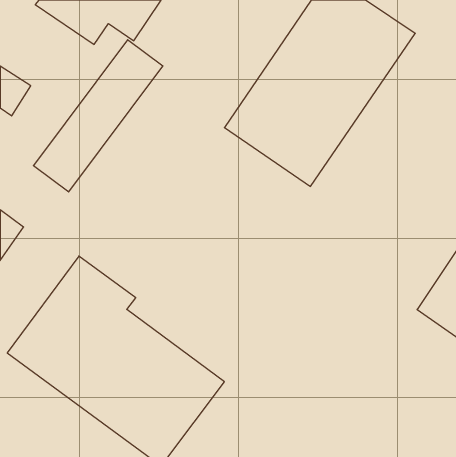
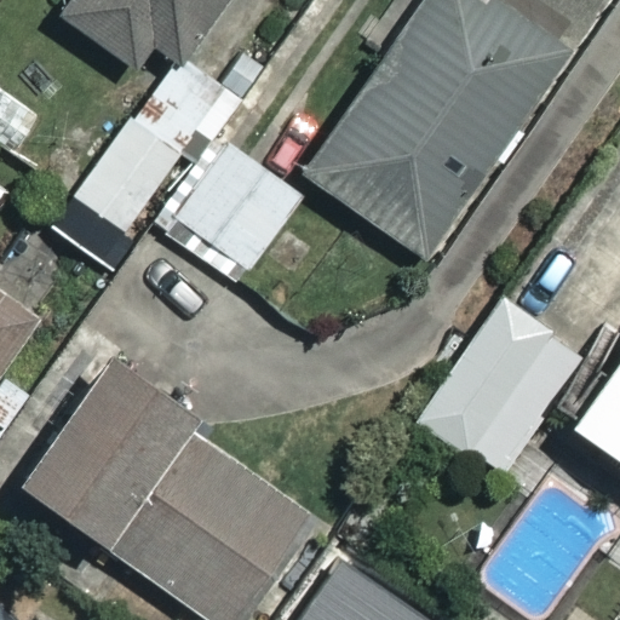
building: none -> [157,139,304,287]
building: none -> [421,297,578,473]

